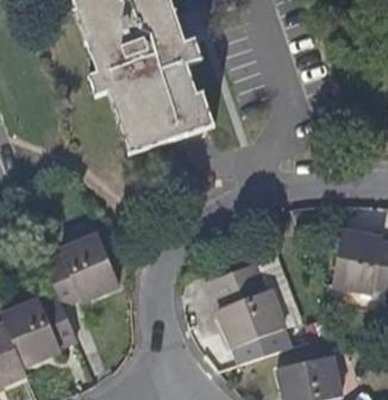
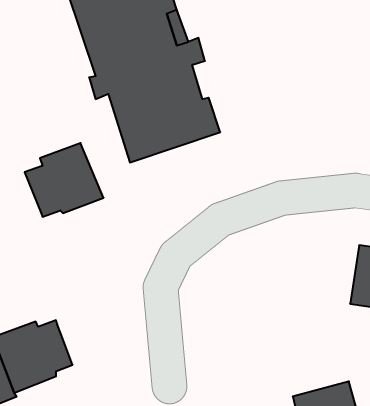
building: [43,236,117,305] -> [25,143,104,217]
building: [212,267,287,352] -> none

